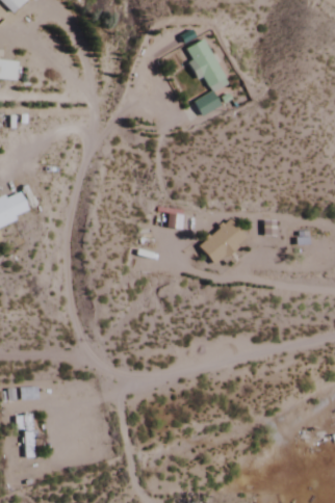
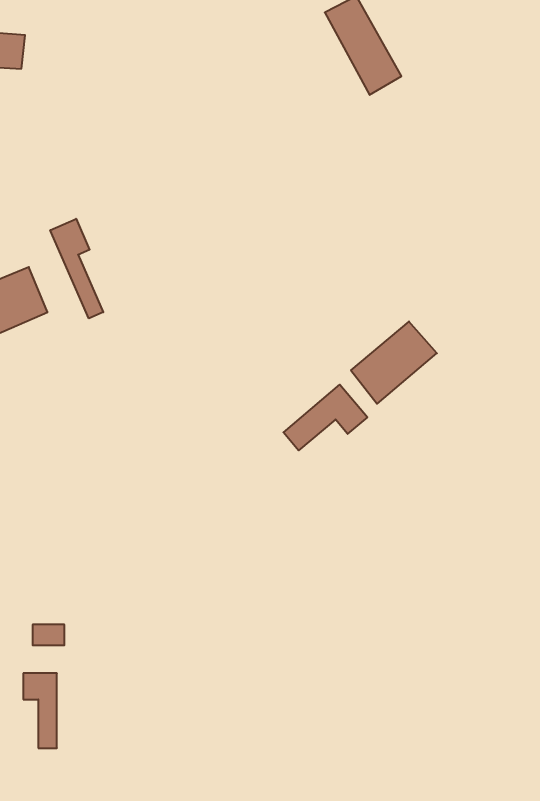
building: none -> [50,219,103,318]
building: none -> [283,385,367,450]

